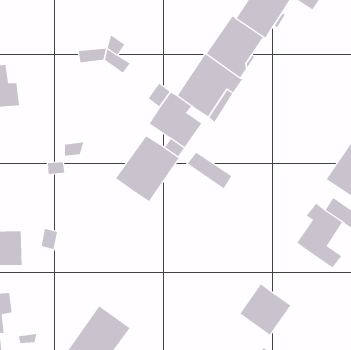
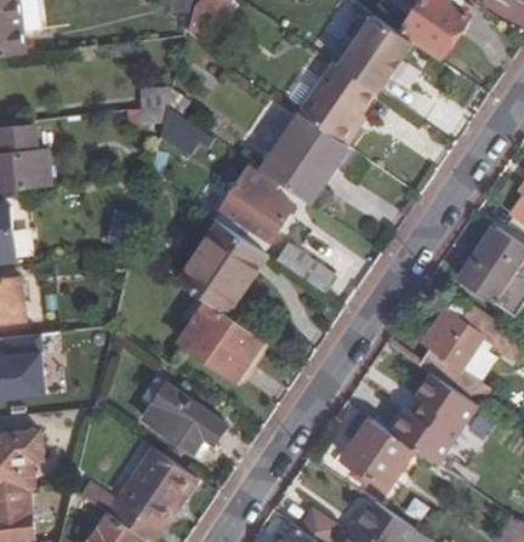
building: none -> [178,298,263,377]
building: none -> [389,372,478,466]
building: none -> [141,375,227,451]

